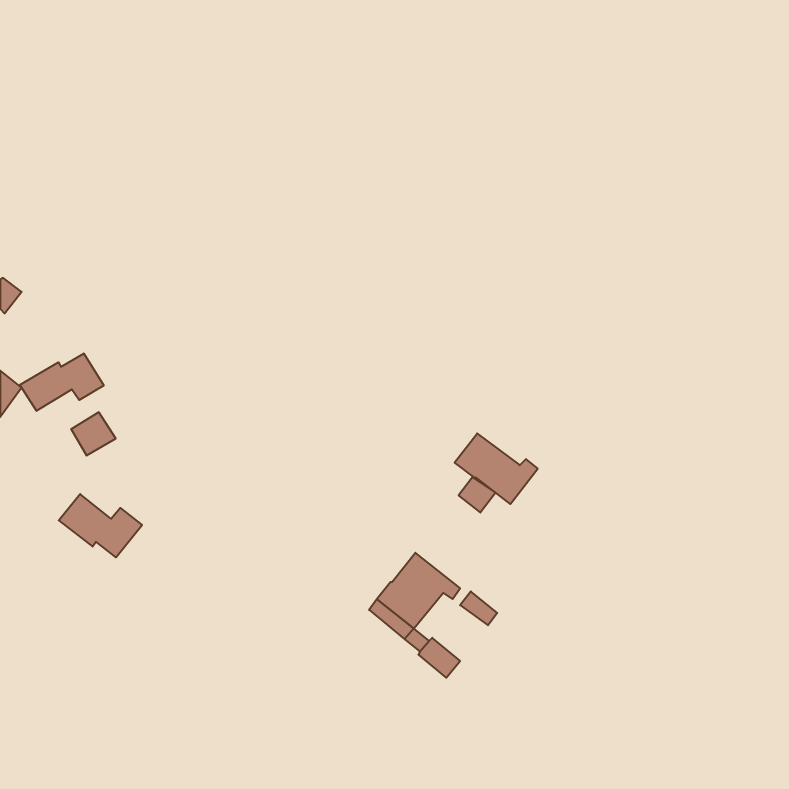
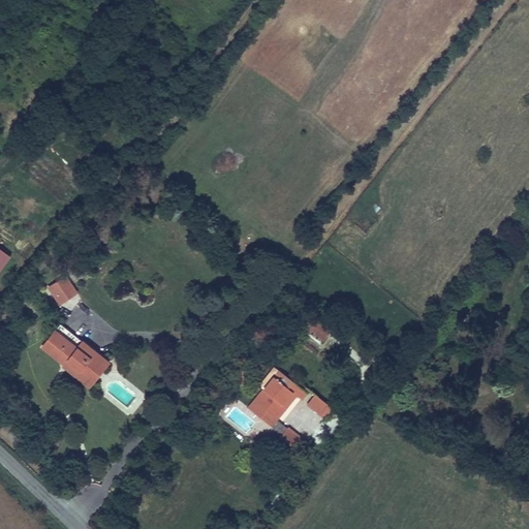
building: [20,353,104,411] -> none
building: [455,433,538,504] -> none
building: none -> [61,351,108,388]

